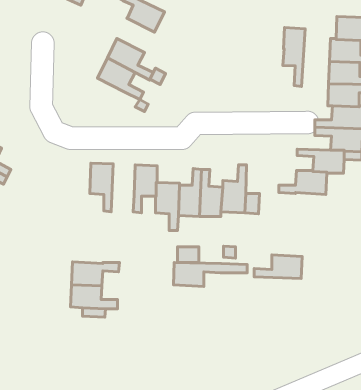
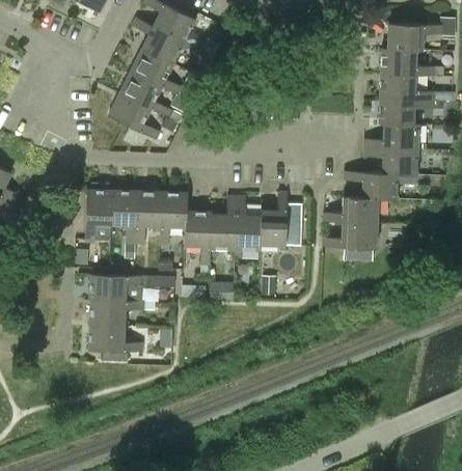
building: none -> [133,18,184,64]
building: [283,28,305,86] -> none
building: none -> [108,93,160,139]
building: none -> [85,183,112,242]
building: none -> [135,190,162,244]
building: [254,255,302,279] -> [323,222,377,249]
building: [173,263,247,287] -> [91,275,174,302]

